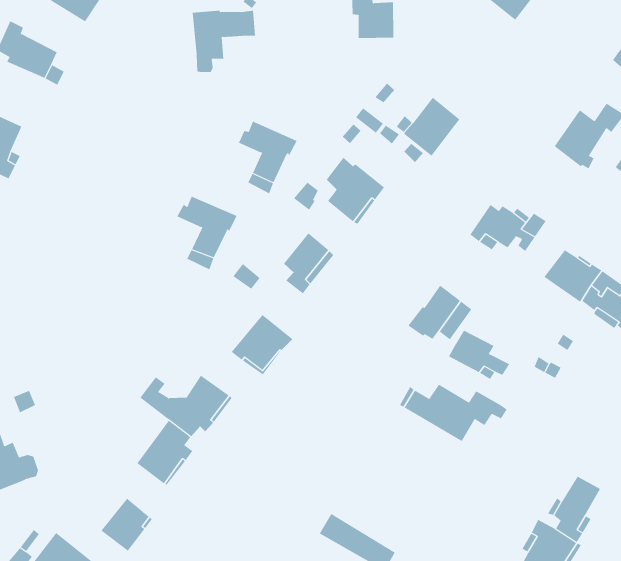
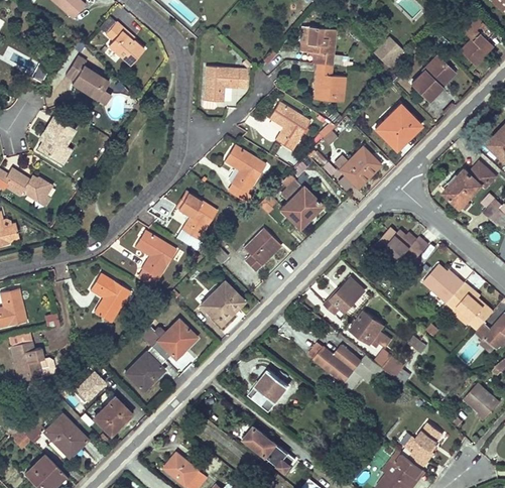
building: none -> [375,104,420,149]
building: none -> [268,104,309,149]
building: none -> [135,232,175,277]
building: none -> [91,272,129,320]
building: none -> [382,355,410,383]
building: none -> [249,370,288,410]
building: none -> [71,368,106,403]

